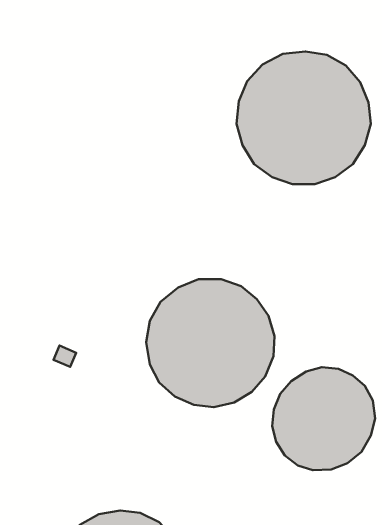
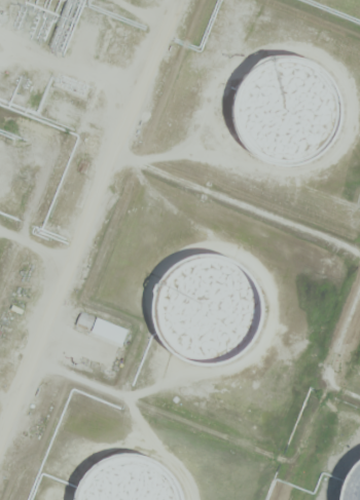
building: [272,367,375,470] -> none

